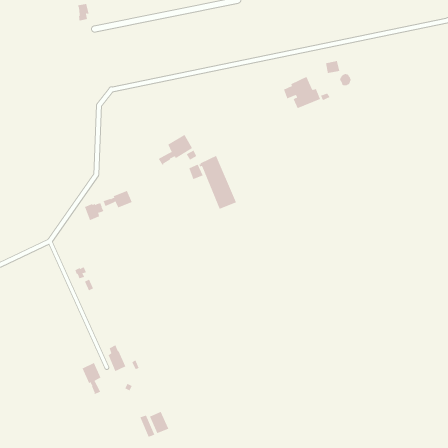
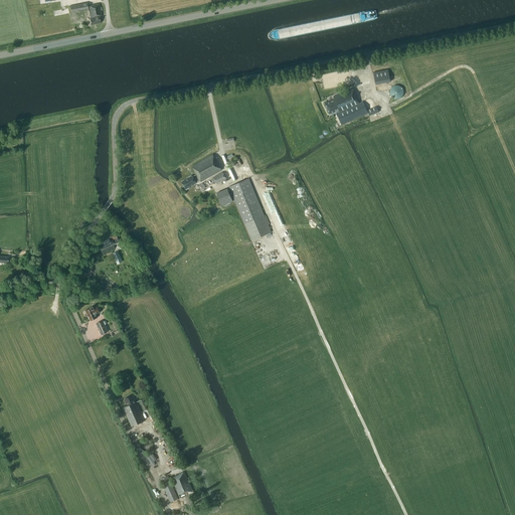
building: [103,190,132,208] -> none
building: [82,362,101,395] -> none

